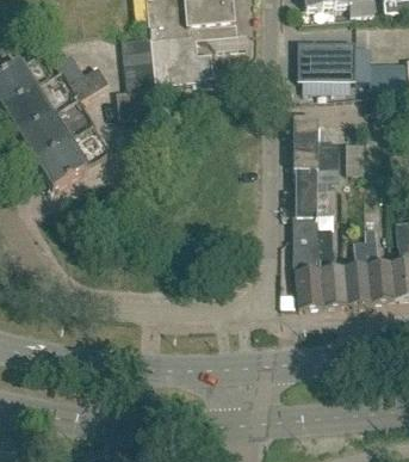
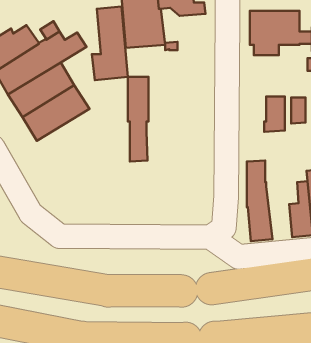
building: [293,117,317,215] -> [128,77,149,162]
building: [316,227,347,304] -> none

